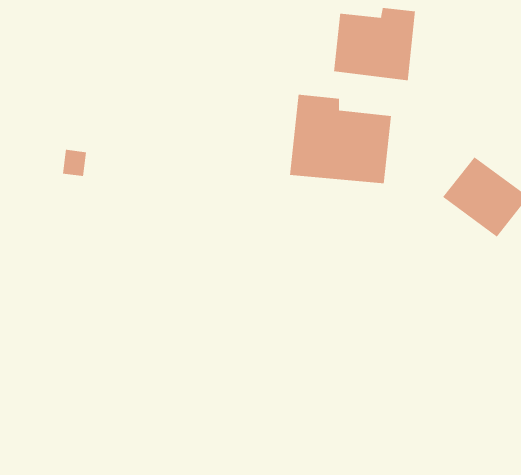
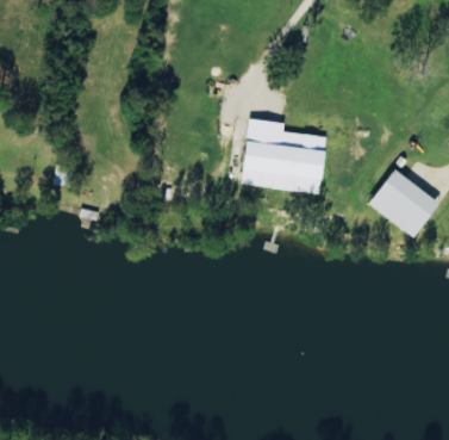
building: [333,7,415,81] -> none

